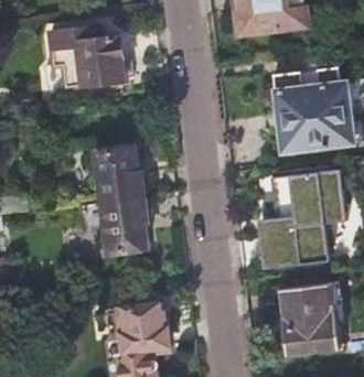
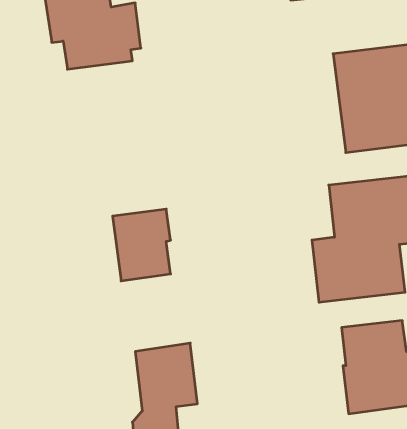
building: [94,148,142,203] -> none

